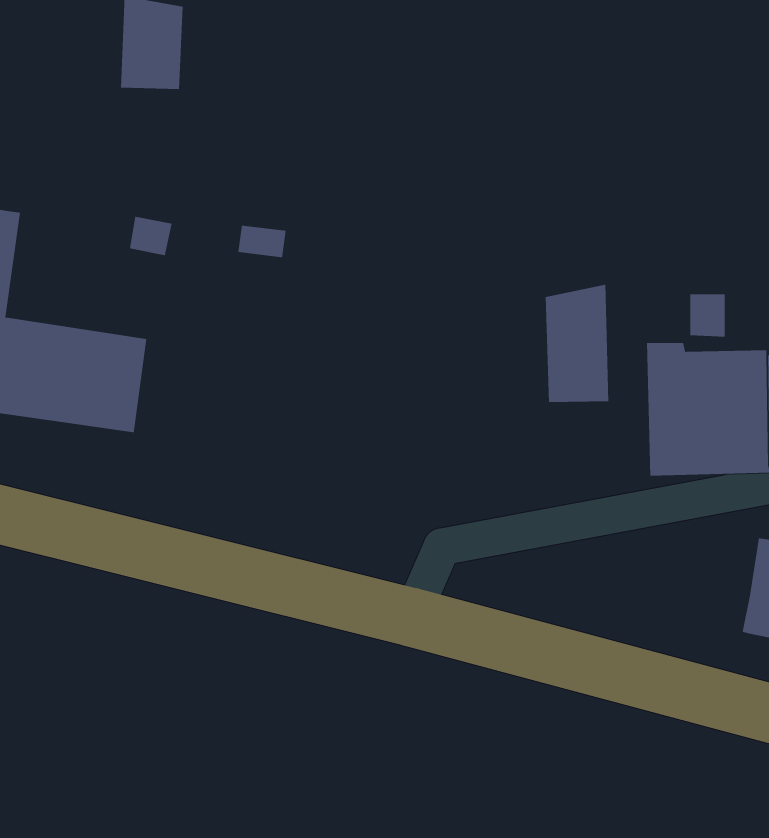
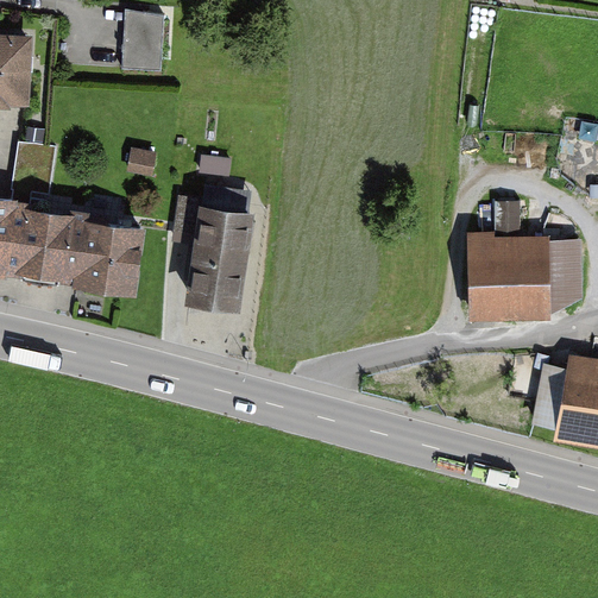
building: none -> [174,183,253,311]
building: [545,284,609,403] -> none

